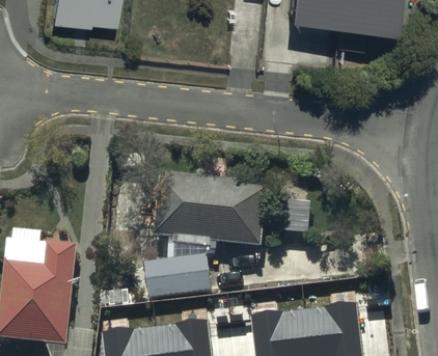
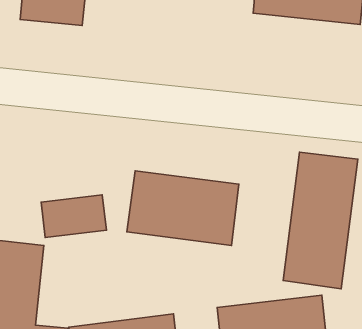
building: none -> [283,152,358,289]
building: [143,254,209,297] -> [41,195,106,237]

